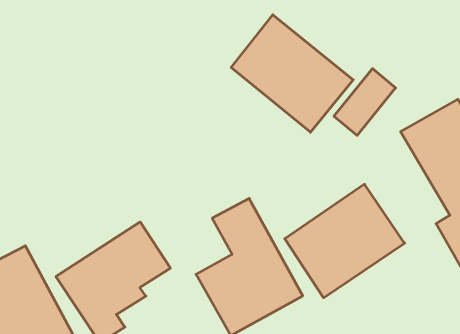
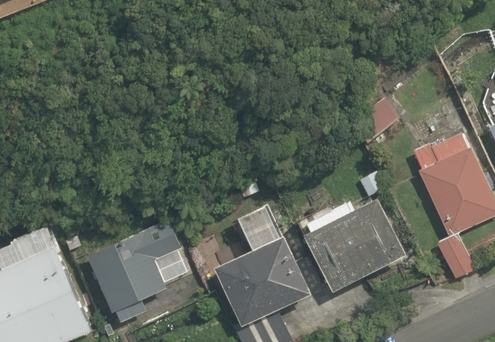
building: [231,15,353,132] -> none

